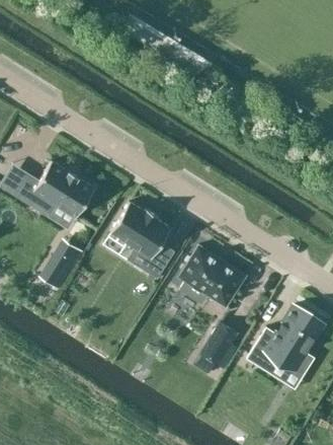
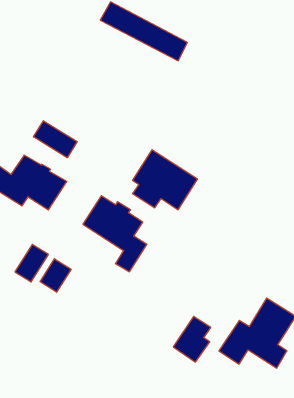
building: none -> [33,121,77,158]
building: [179,247,244,307] -> [133,150,198,210]
building: none -> [40,259,71,292]

